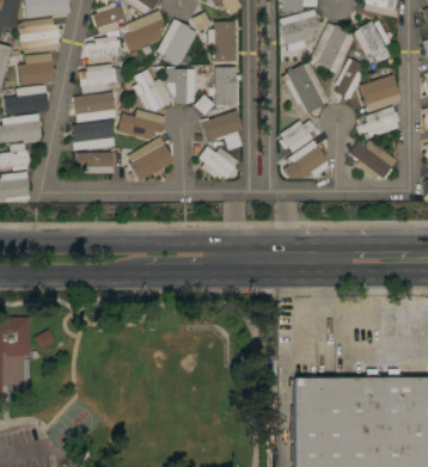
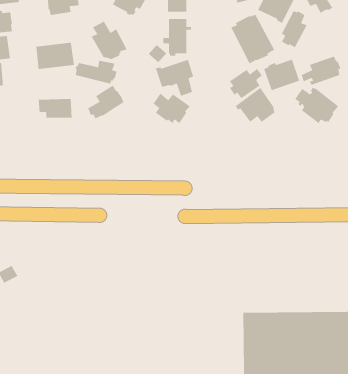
building: [79,63,117,93] -> none
building: [165,66,195,104] -> none
building: [357,79,397,113] -> [263,59,300,91]
building: [71,119,115,150] -> none

